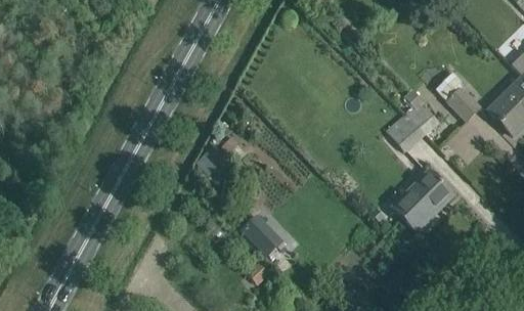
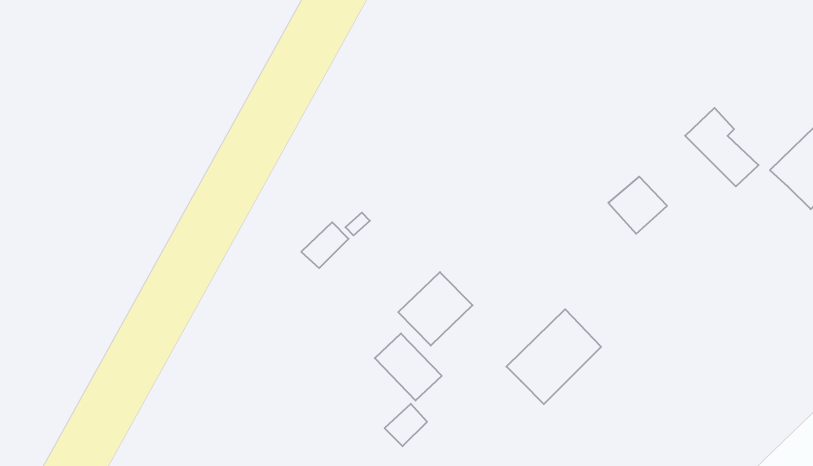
building: [406,89,436,132] -> none
building: [393,171,452,230] -> [506,309,601,404]
building: none -> [398,272,473,346]

